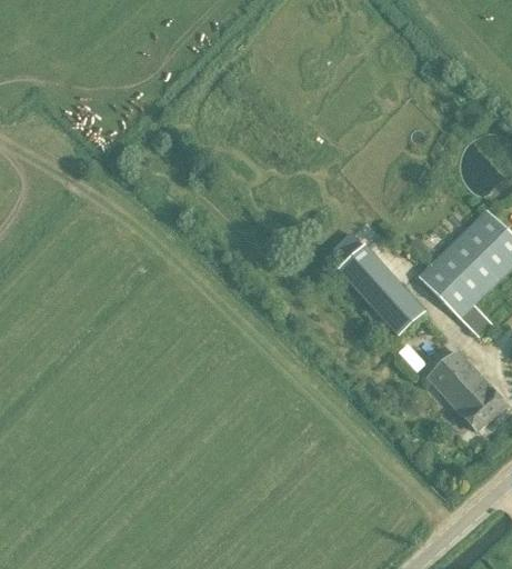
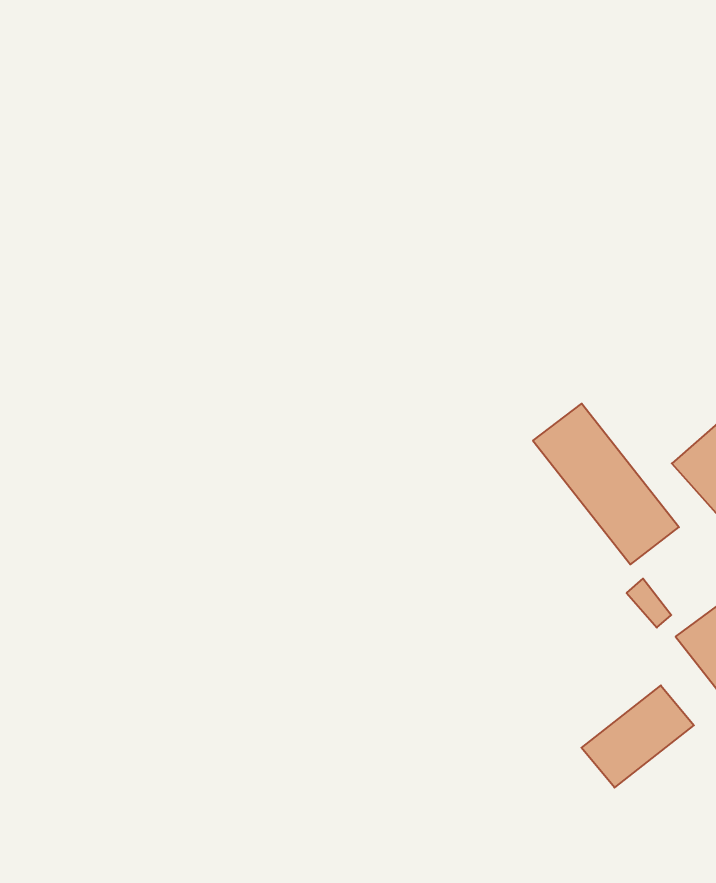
building: none -> [581,685,694,788]

